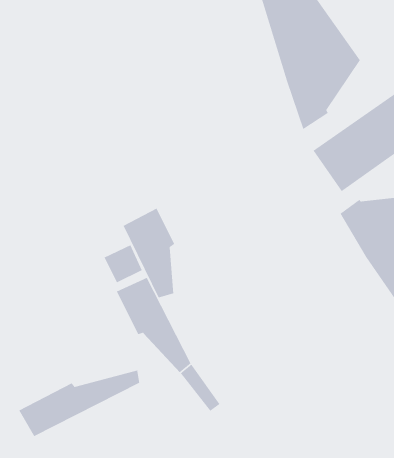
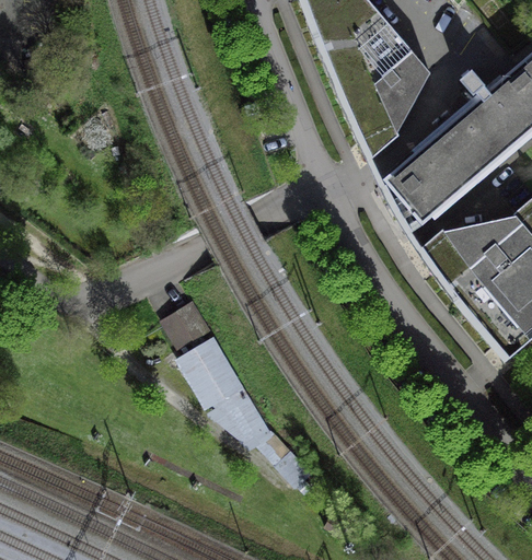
building: [122,207,175,299] -> none
building: [18,369,140,437] -> none

